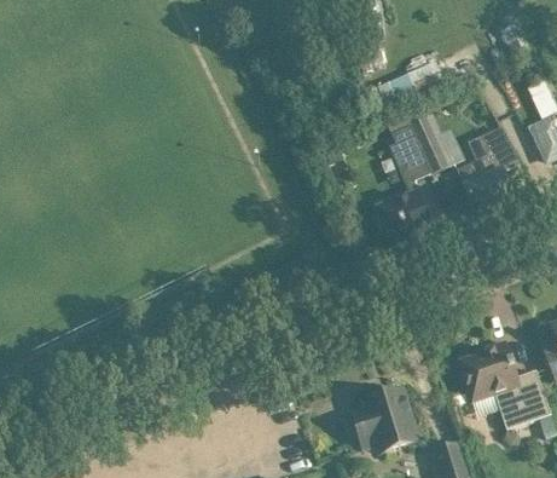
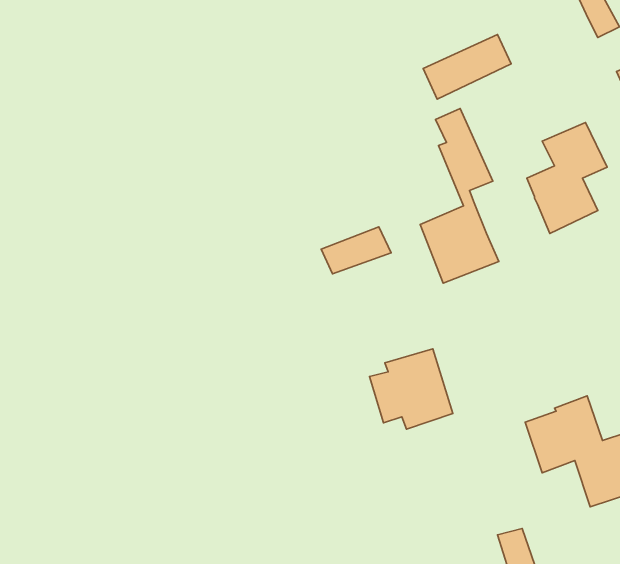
building: [406,109,448,173] -> none
building: none -> [321,227,391,274]
building: [352,390,417,453] -> [369,349,453,429]

